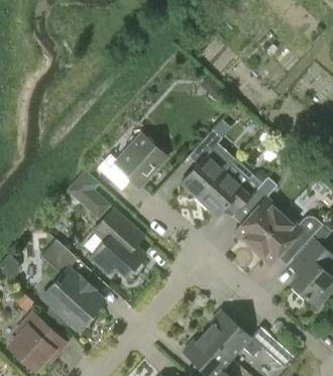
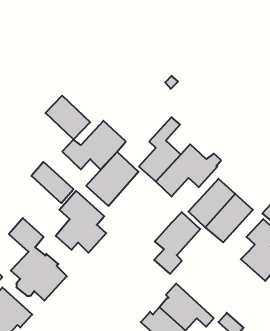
building: none -> [45,96,90,139]
building: none -> [86,152,139,206]
building: none -> [154,212,200,274]

